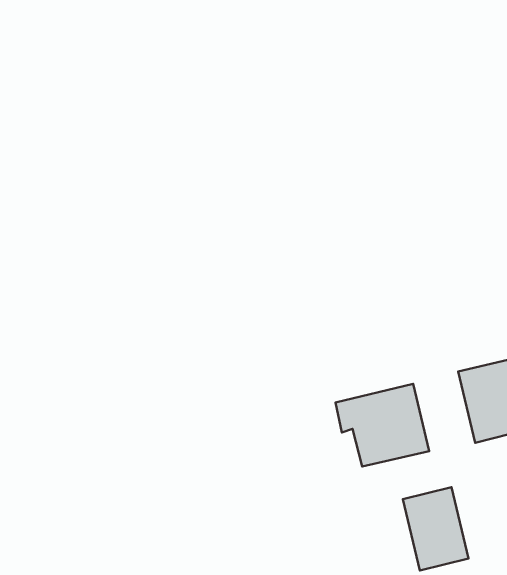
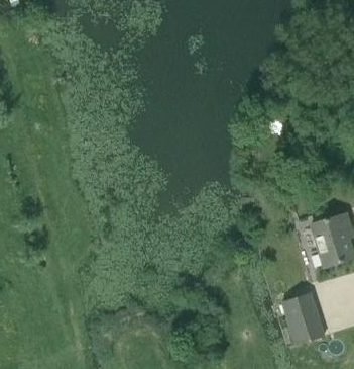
building: [335,384,429,467] -> none

